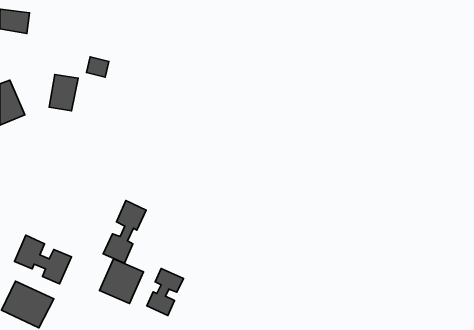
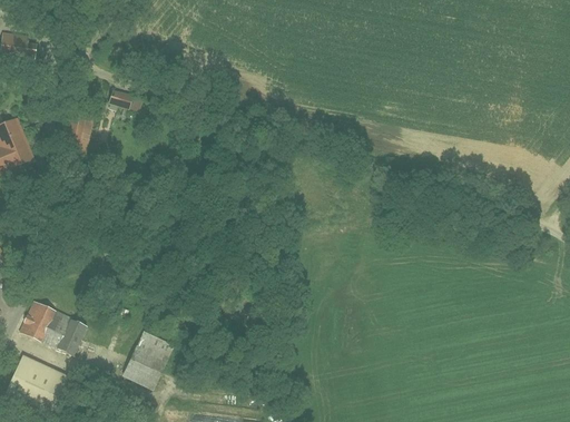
building: [103,201,146,263] -> none
building: [147,269,183,315] -> none

